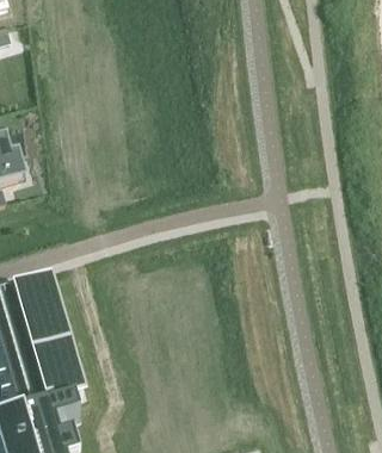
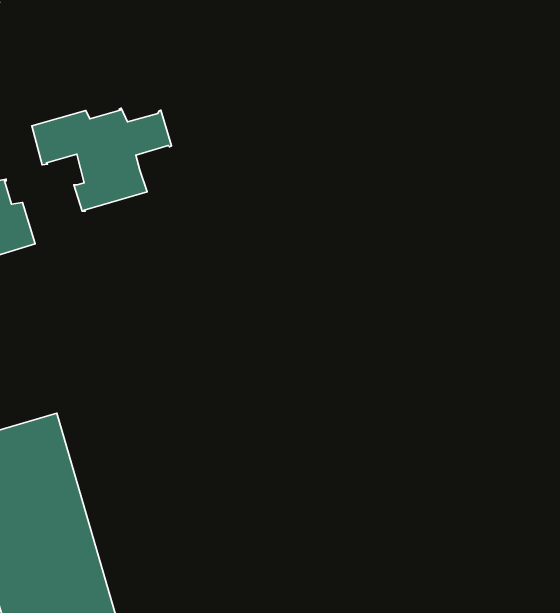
building: none -> [32,108,171,211]

